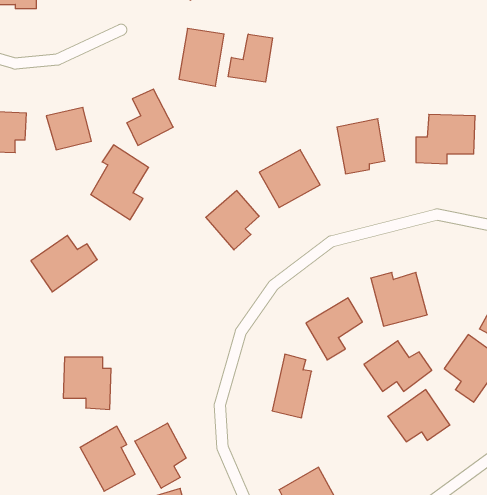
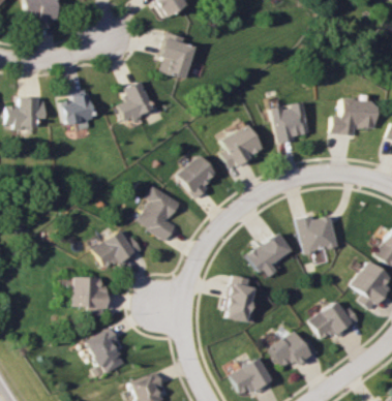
building: [228,34,273,82] -> none
building: [91,145,149,220] -> [139,186,181,241]
building: [31,235,97,292] -> [93,230,142,272]
building: [364,341,432,391] -> [270,330,320,367]
building: [135,423,186,488] -> none

